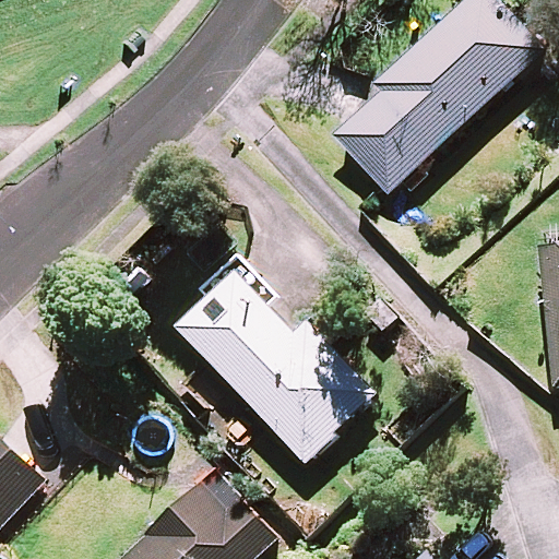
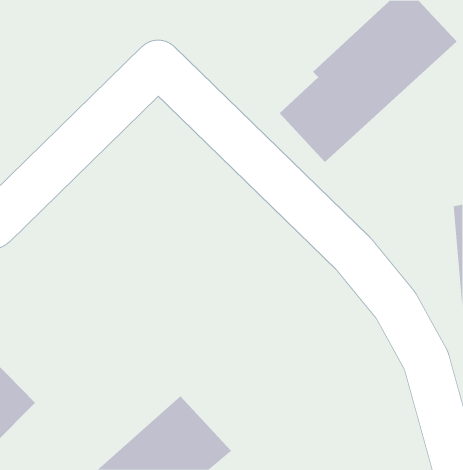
building: [180,269,376,464] -> none

